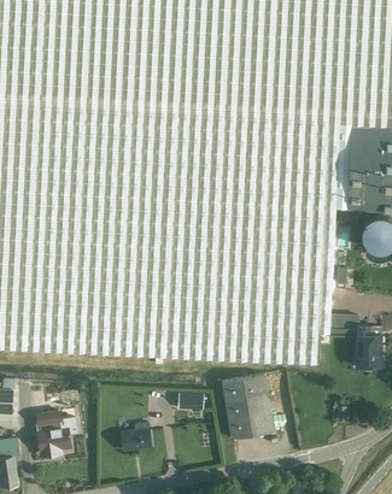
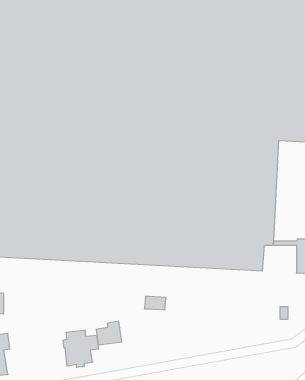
building: [221,374,274,439] -> none
building: [35,411,77,454] -> [63,330,99,367]

